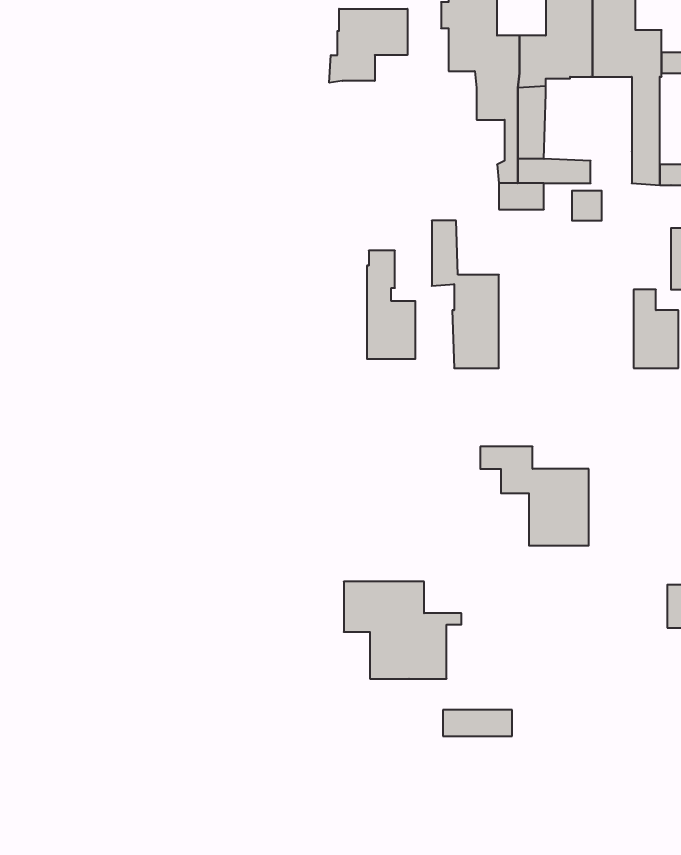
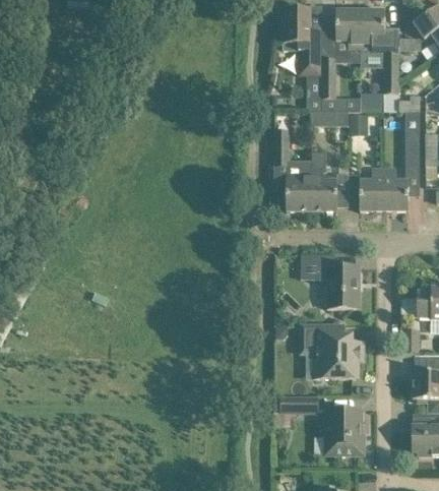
building: [329,9,407,83] -> none
building: [367,251,415,359] -> [311,151,337,210]
building: none -> [360,168,384,210]
building: [344,582,461,679] -> [300,324,364,377]
building: none -> [326,409,364,453]

